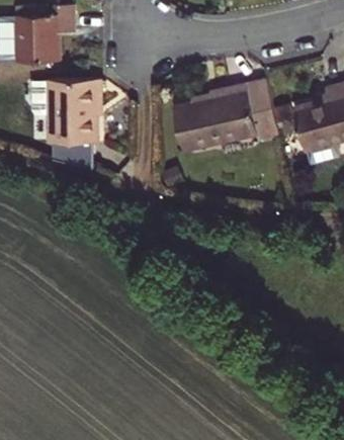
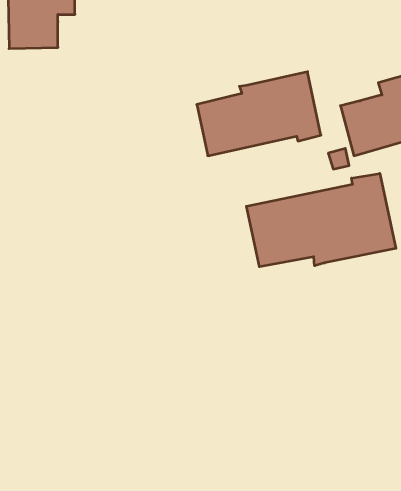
building: [32,79,101,172] -> none
building: none -> [246,173,396,267]

